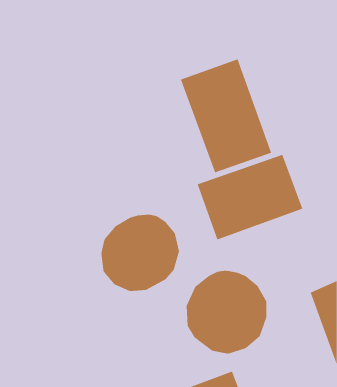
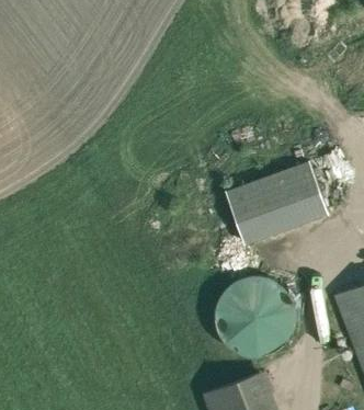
building: [180,59,272,173] -> none
building: [101,214,180,292] -> none

